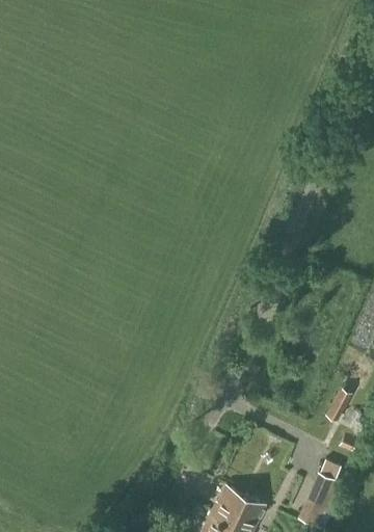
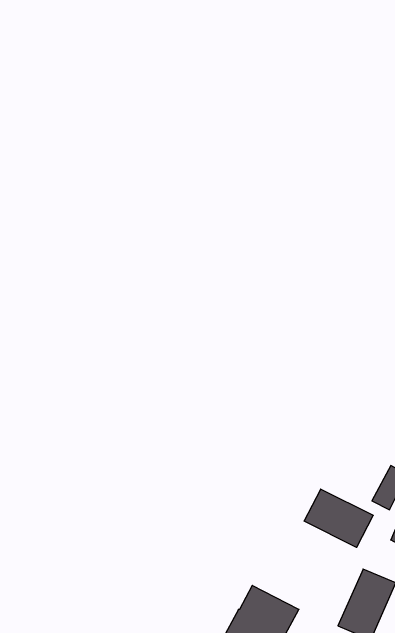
building: none -> [304,489,373,547]

